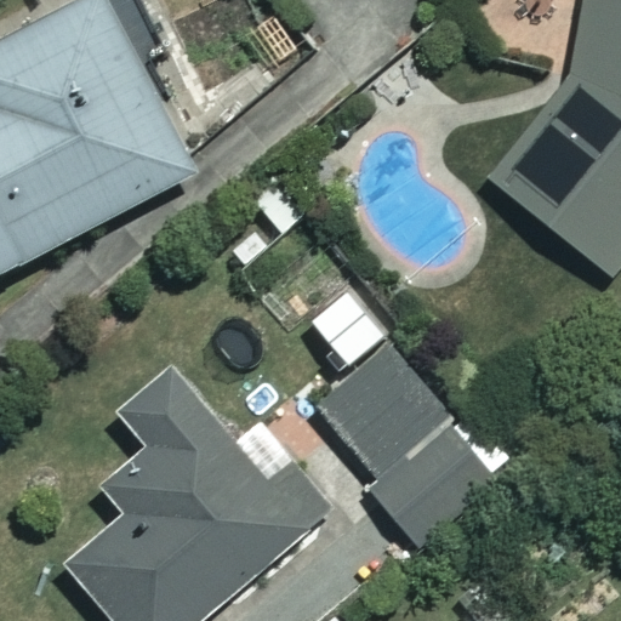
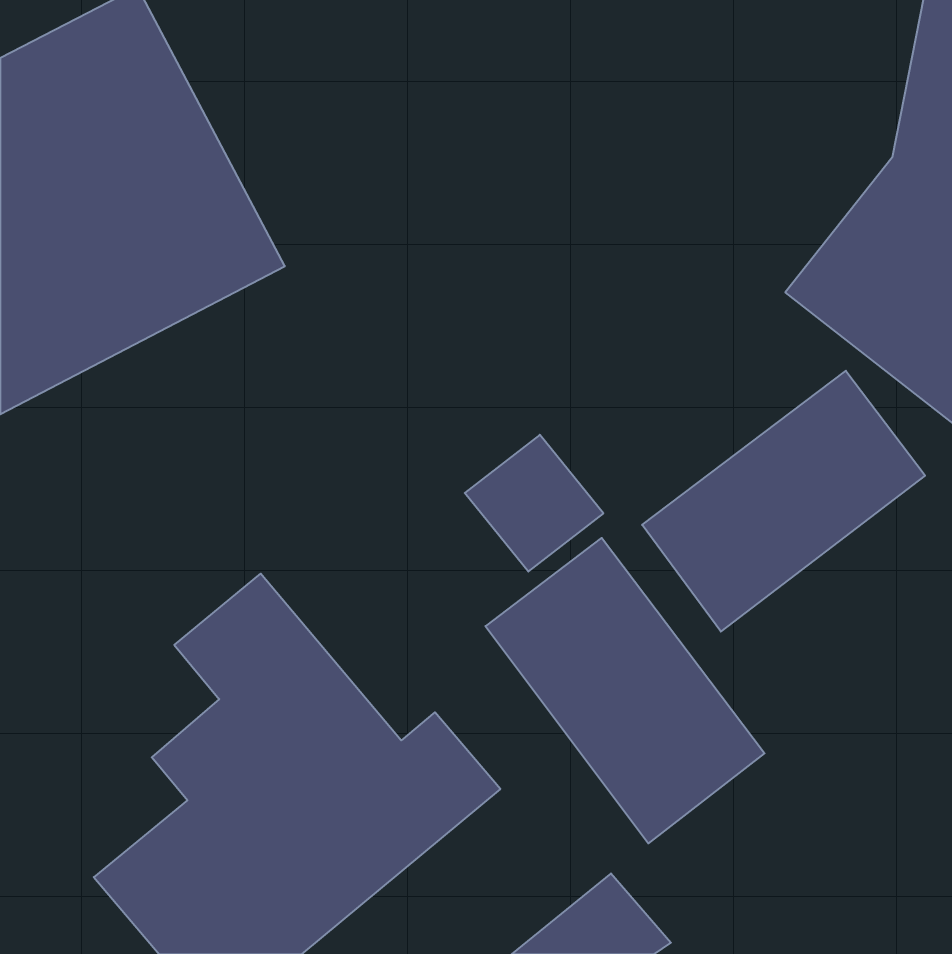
building: none -> [642,371,925,632]

